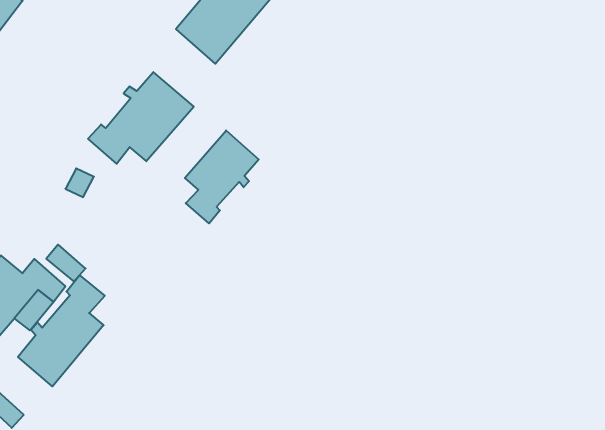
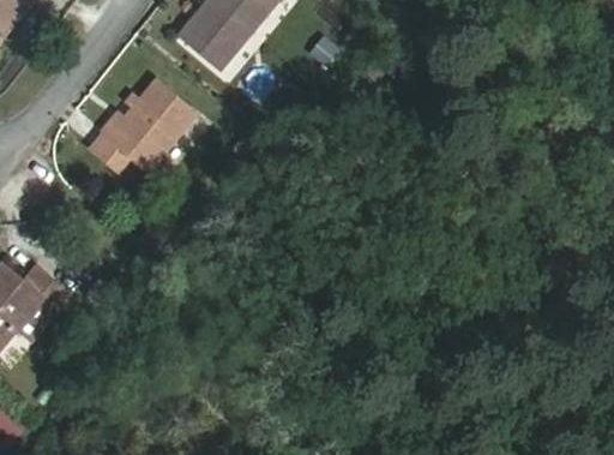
building: [185,130,259,223] -> none
building: [18,275,105,386] -> none

